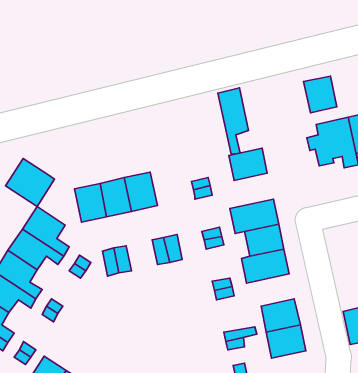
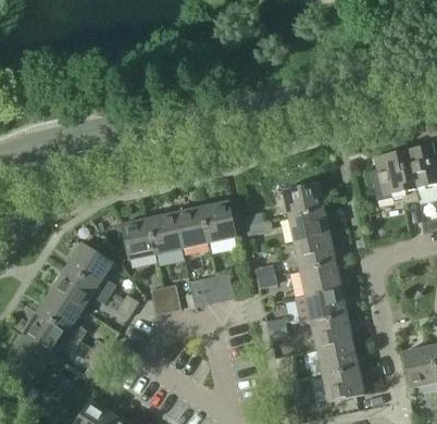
building: [304,76,337,113] -> none
building: [218,88,249,154] -> none
building: [5,158,55,206] -> none
building: none -> [200,202,235,242]
building: none -> [288,209,329,244]
building: none -> [311,314,351,348]

